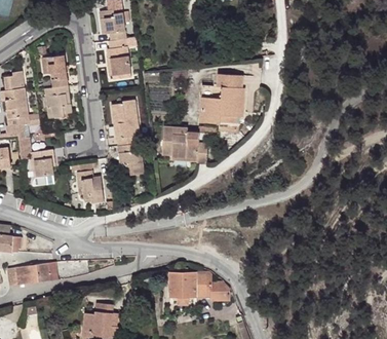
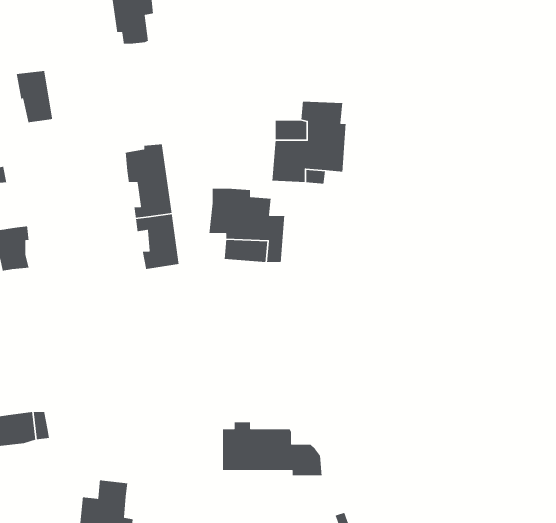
building: [107,39,130,75] -> none
building: [44,85,71,118] -> none
building: [76,170,104,201] -> none

